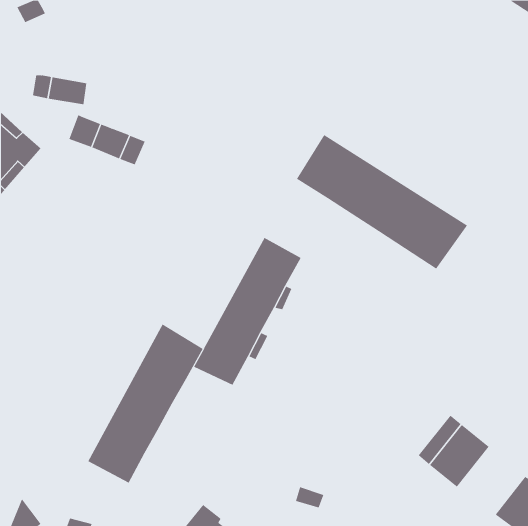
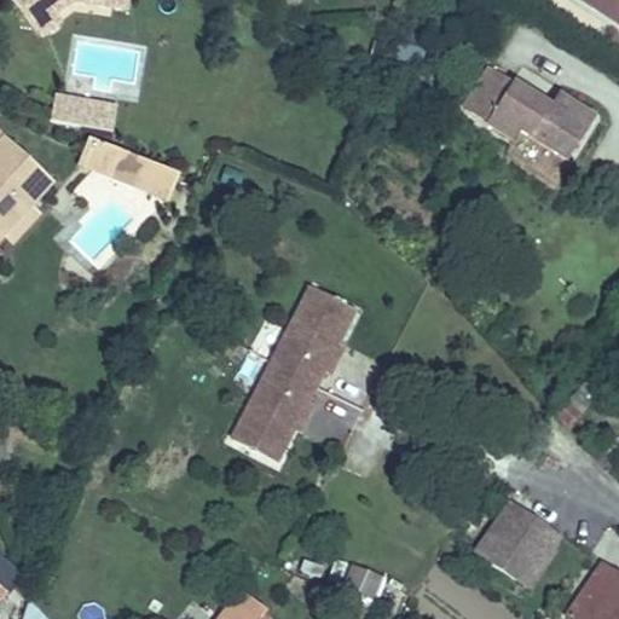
building: none -> [462,63,592,161]
building: [296,134,468,269] -> none
building: [88,323,203,483] -> none

